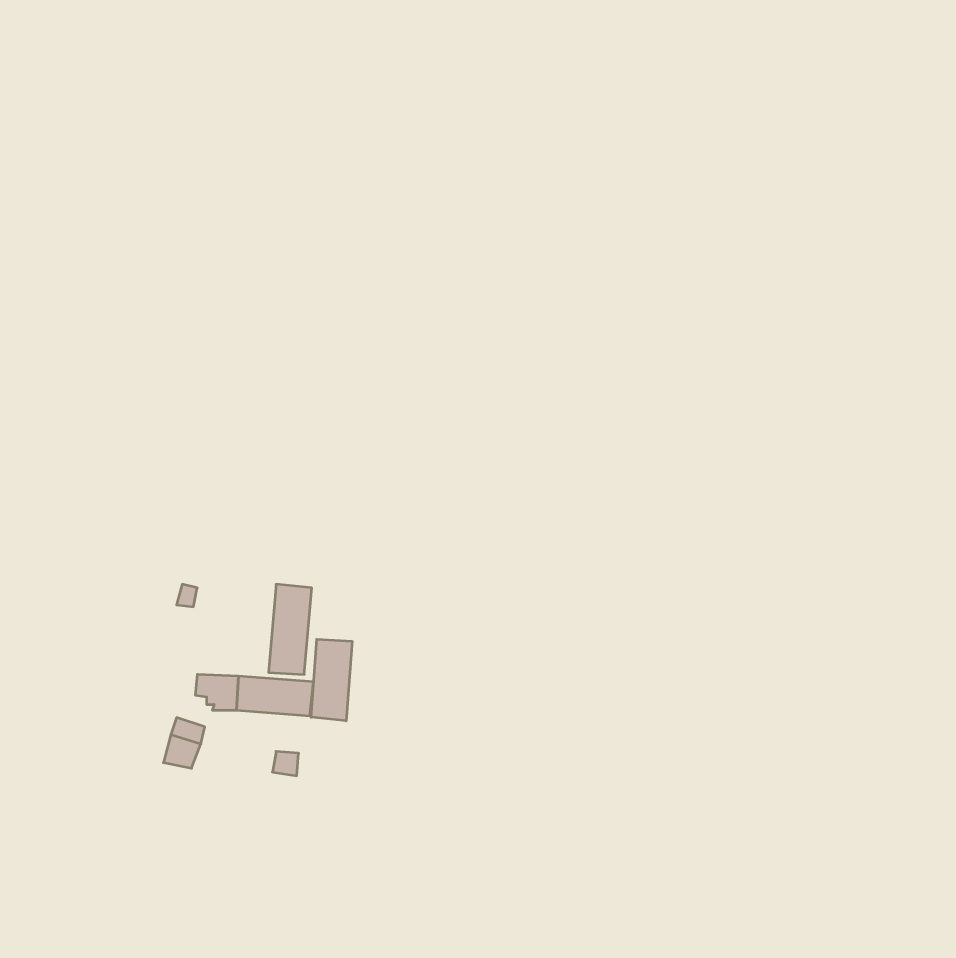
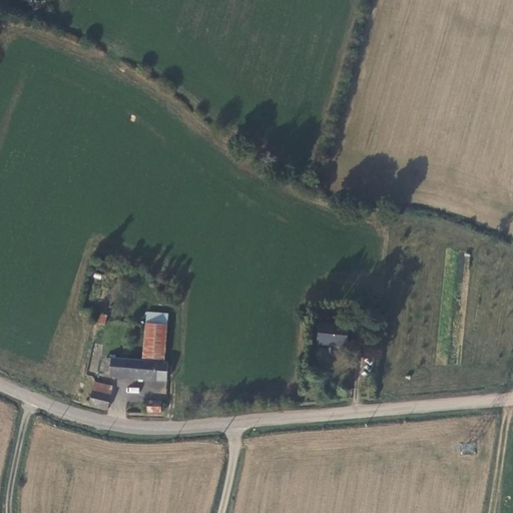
building: none -> [318,327,349,347]
building: [311,639,352,721] -> none

